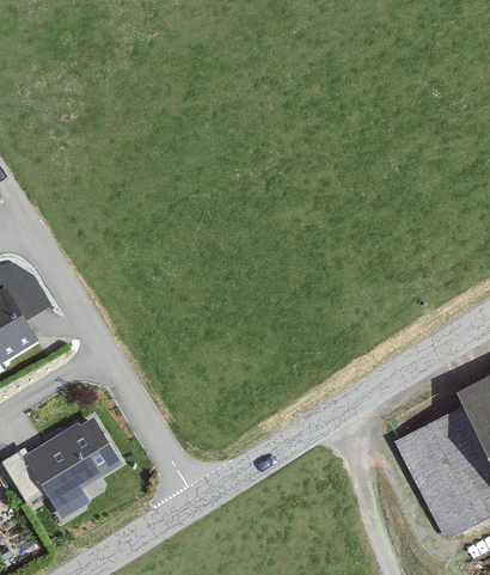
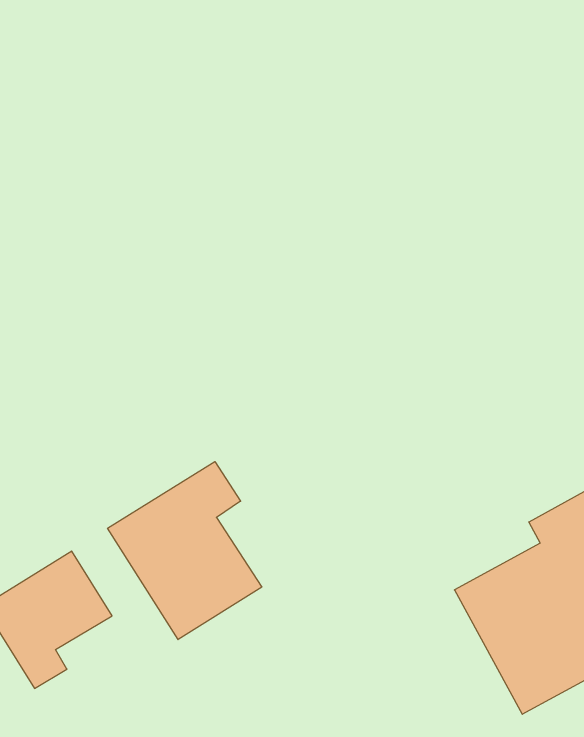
building: none -> [108,462,262,640]

